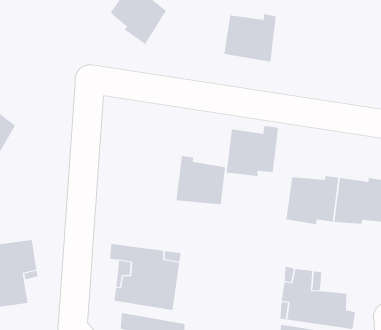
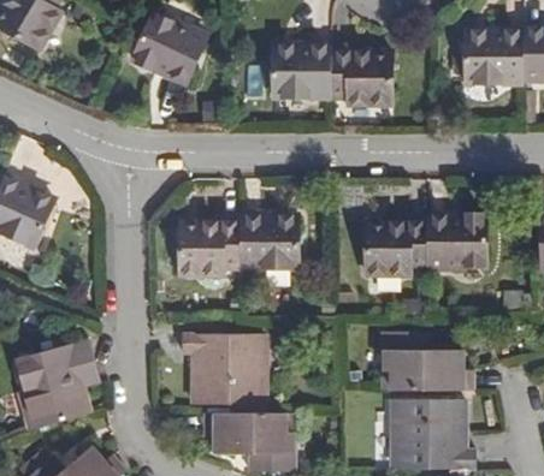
building: none -> [333,38,391,99]
building: [226,125,279,176] -> [190,216,247,278]

